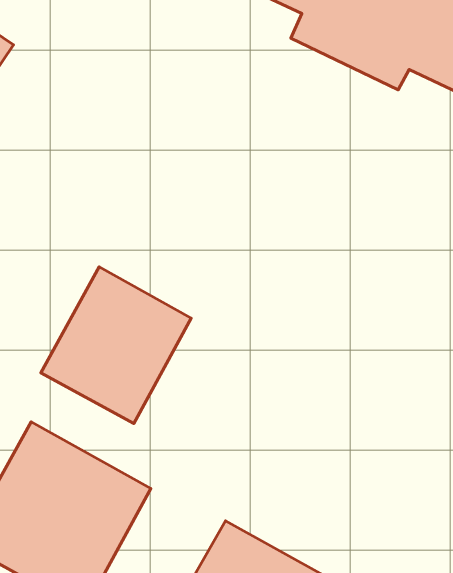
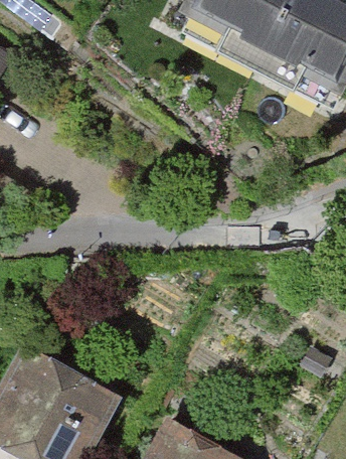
building: [41,267,191,423] -> none

